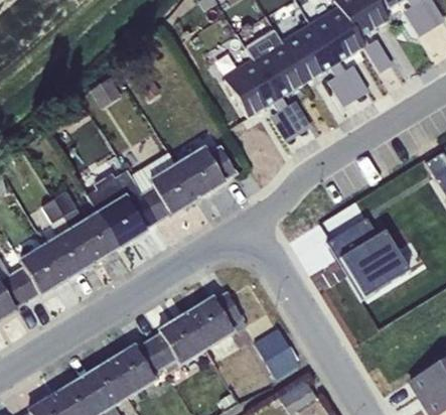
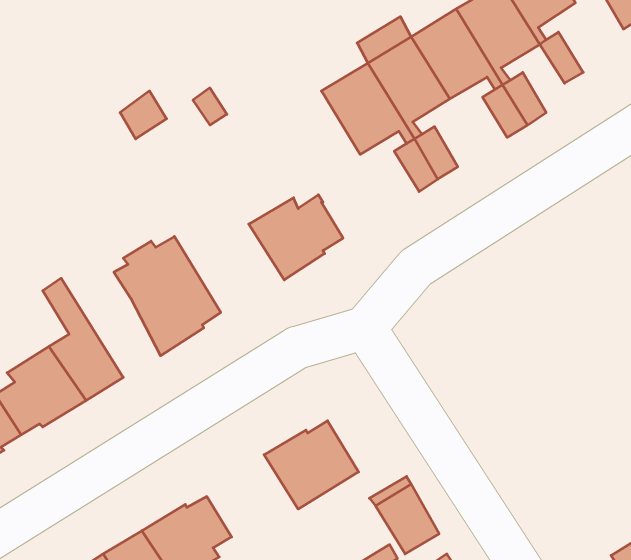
building: [128,151,197,221] -> none
building: [52,190,117,263] -> none
building: [325,217,408,299] -> none
building: [147,313,206,373] -> none

